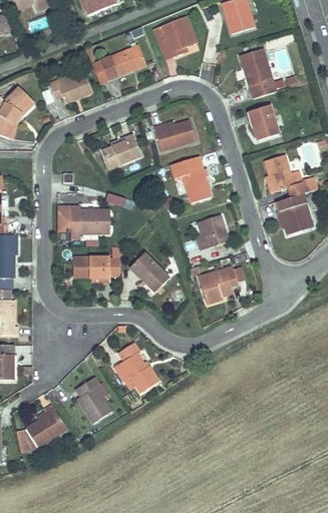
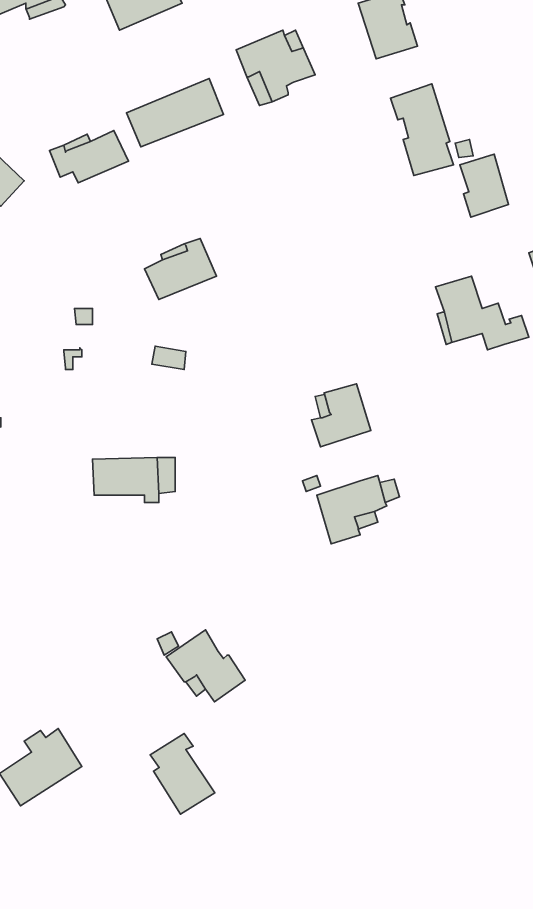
building: [251,104,278,139] -> [460,154,508,217]
building: [152,119,196,150] -> none
building: [171,155,211,202] -> none
building: [276,192,313,234] -> none
building: [70,205,109,236] -> none
building: [128,251,169,292] -> none
building: [75,377,111,422] -> [150,733,215,814]

